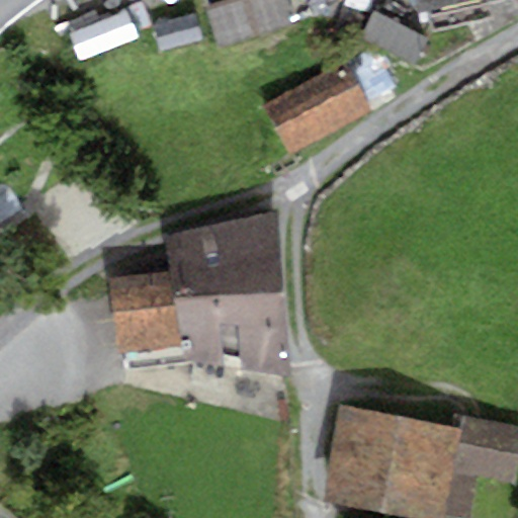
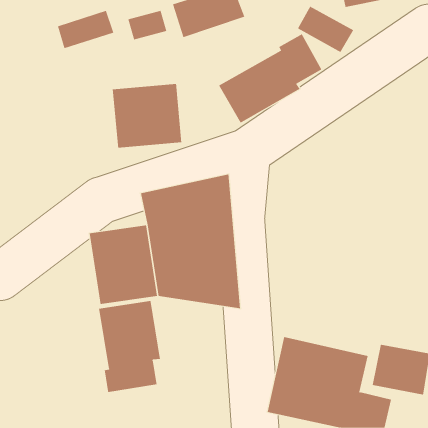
building: none -> [112,83,182,149]
building: none -> [99,300,160,393]

